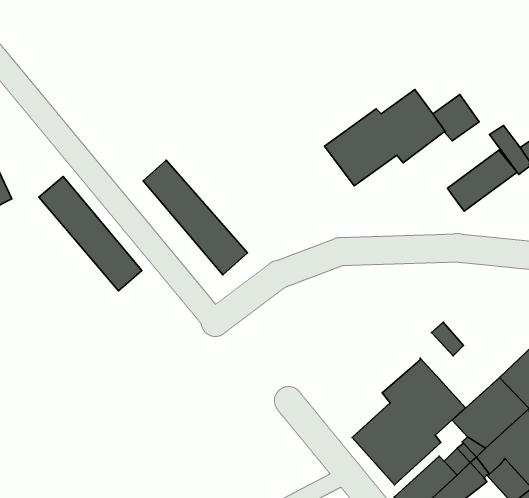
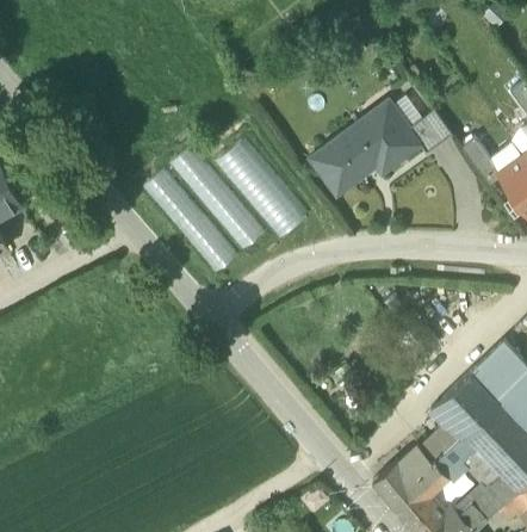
building: none -> [212,136,312,246]
building: [448,150,517,211] -> none
building: [39,177,142,291] -> [168,147,264,253]
building: [352,358,465,485] -> none

